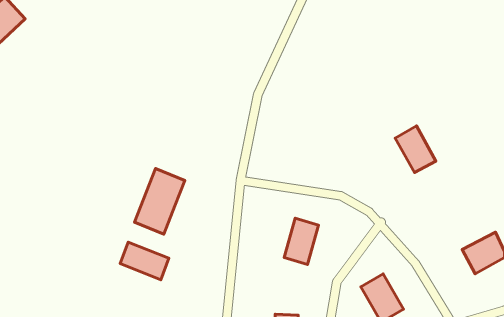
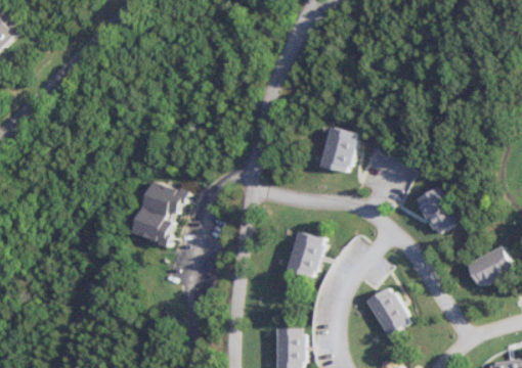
building: none -> [318,127,351,172]
building: [395,126,436,172] -> [416,187,456,234]
building: [120,242,169,280] -> none

